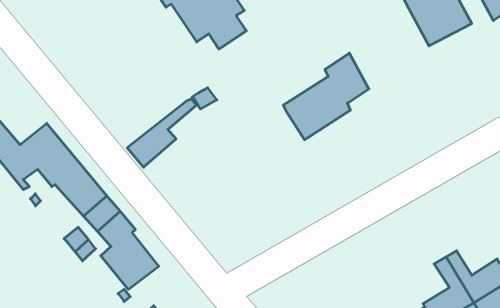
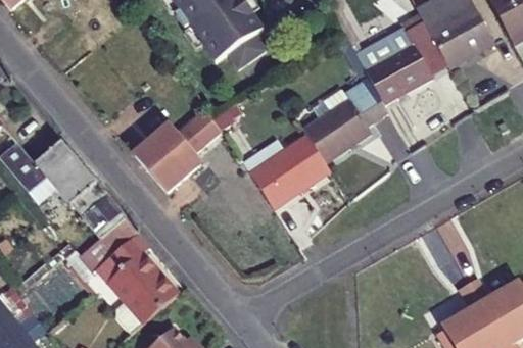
building: none -> [358,27,433,103]
building: none -> [132,110,211,169]
building: none -> [248,133,331,207]

